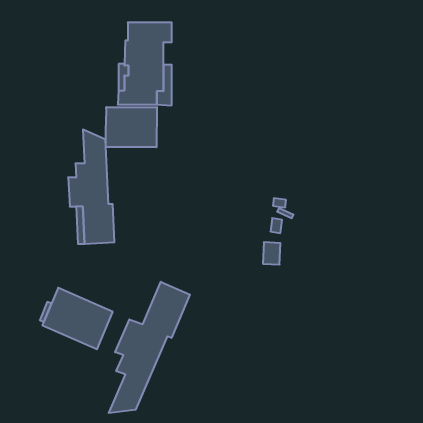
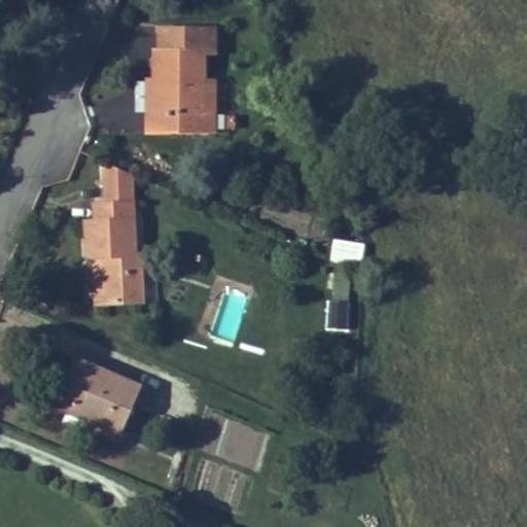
building: [106,107,157,147] -> none
building: [109,282,190,413] -> none

